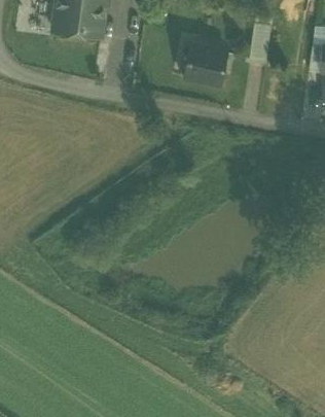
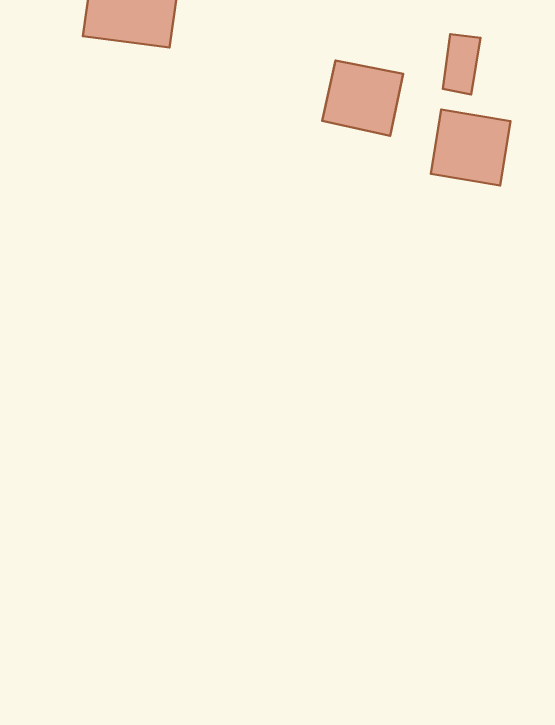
building: none -> [431,110,511,185]

